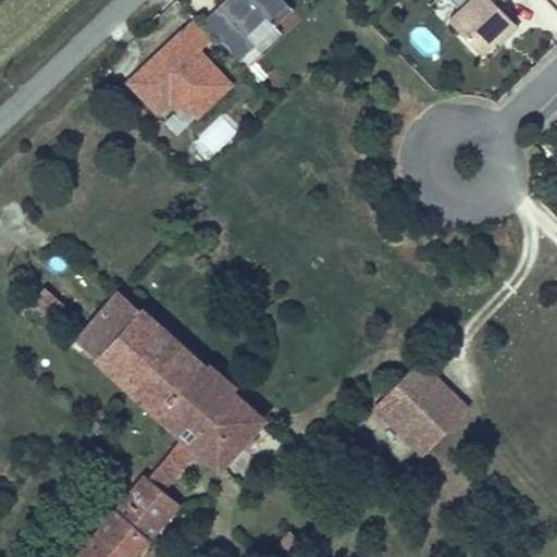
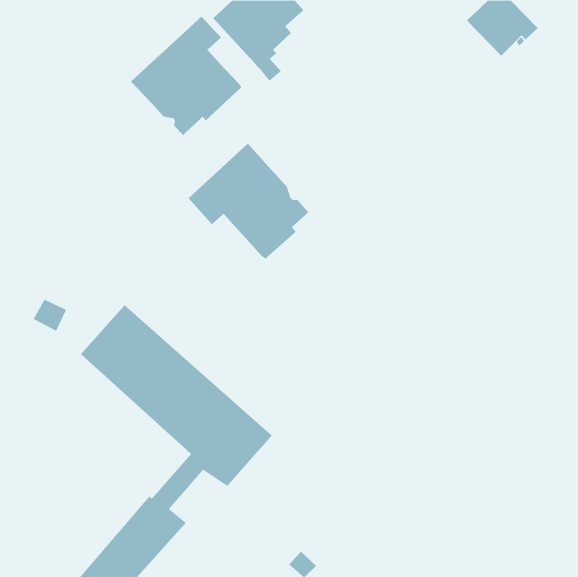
building: none -> [188,143,309,260]
building: [374,361,468,455] -> none

